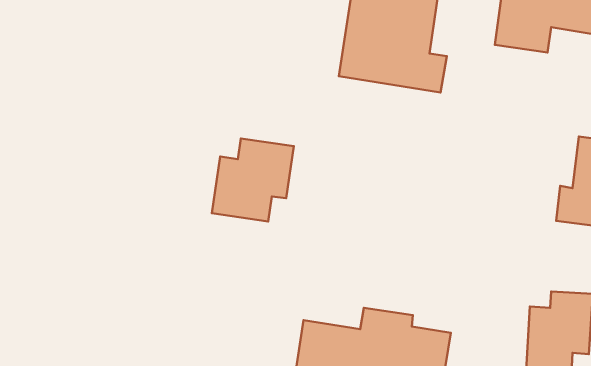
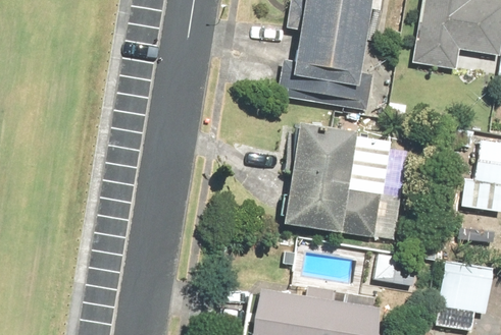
building: none -> [283,123,401,240]
building: [212,139,294,222] -> none

